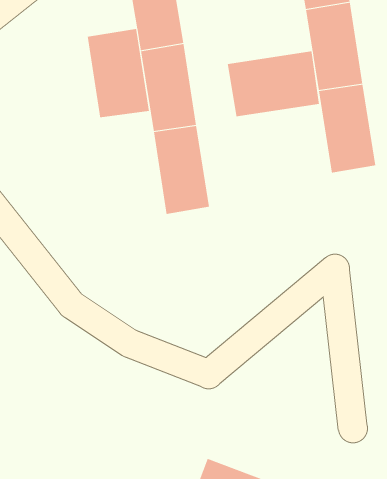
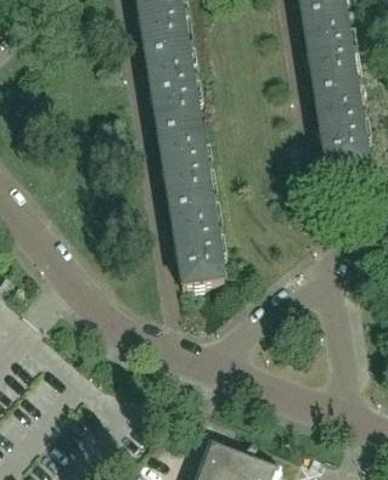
building: [87,28,149,118] -> none
building: [227,50,319,117] -> none
building: none -> [171,205,225,289]

